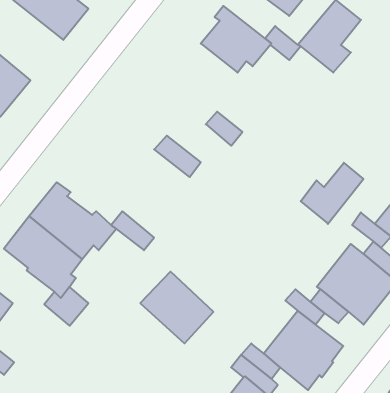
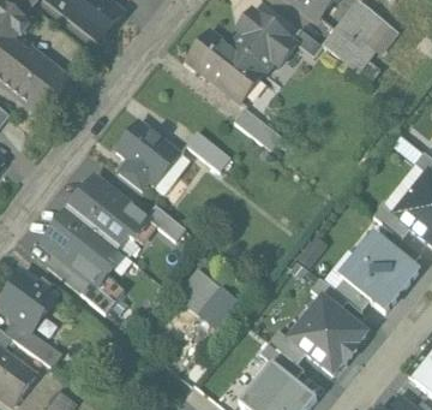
building: none -> [186,28,265,101]
building: none -> [116,119,181,185]
building: [301,163,363,224] -> none

